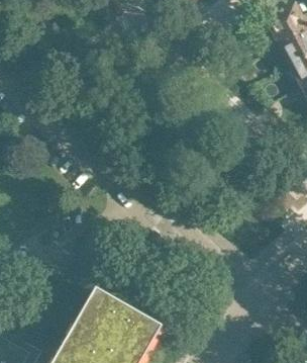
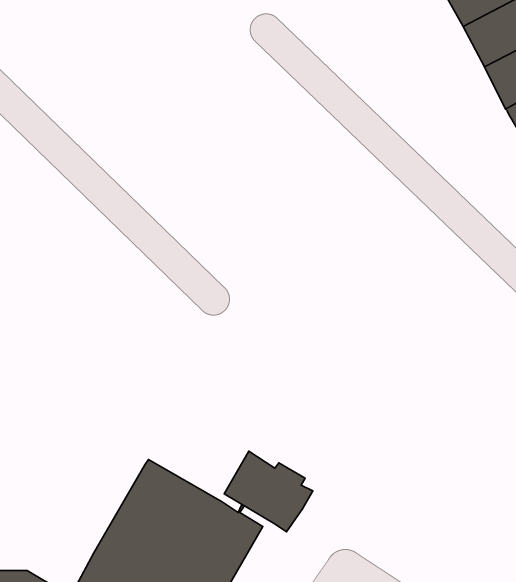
building: none -> [224,451,313,532]

